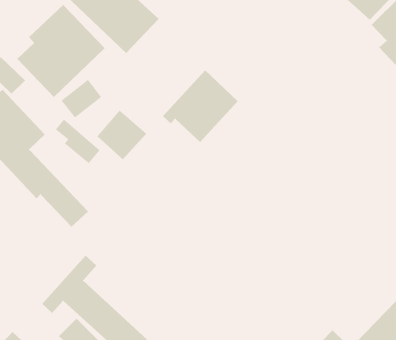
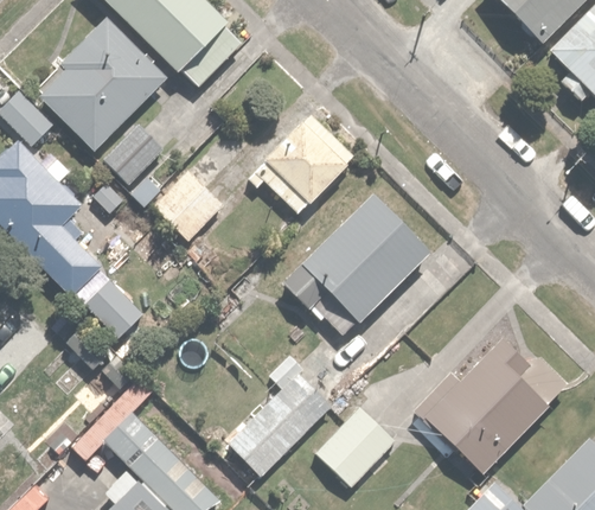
building: none -> [284,193,430,340]
building: none -> [416,332,561,468]
building: none -> [225,353,330,478]
building: none -> [314,403,396,487]

